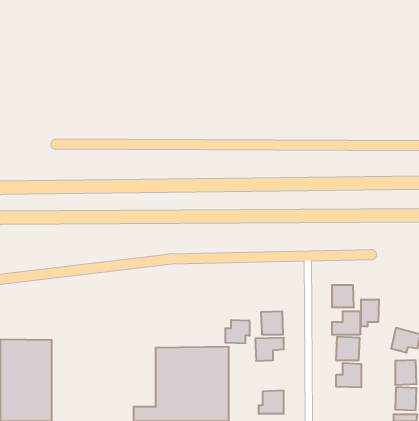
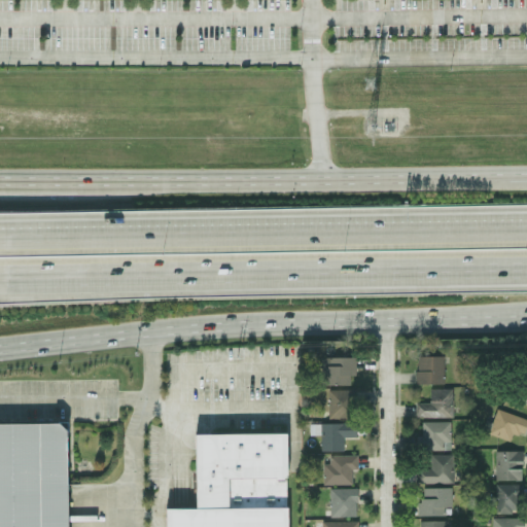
building: [361,299,379,327] -> none
building: [225,320,250,343] -> [325,356,356,385]
building: none -> [324,455,358,485]
building: none -> [418,487,452,516]

